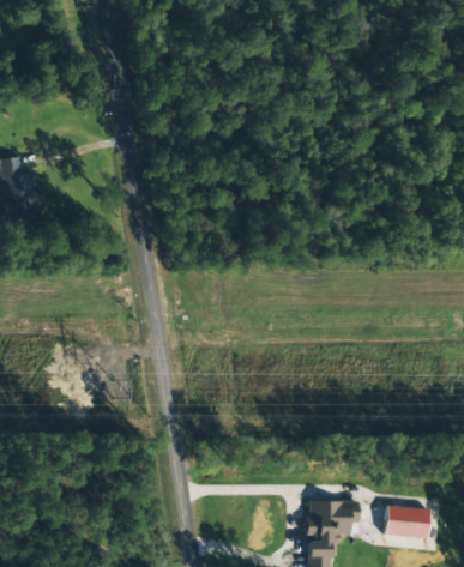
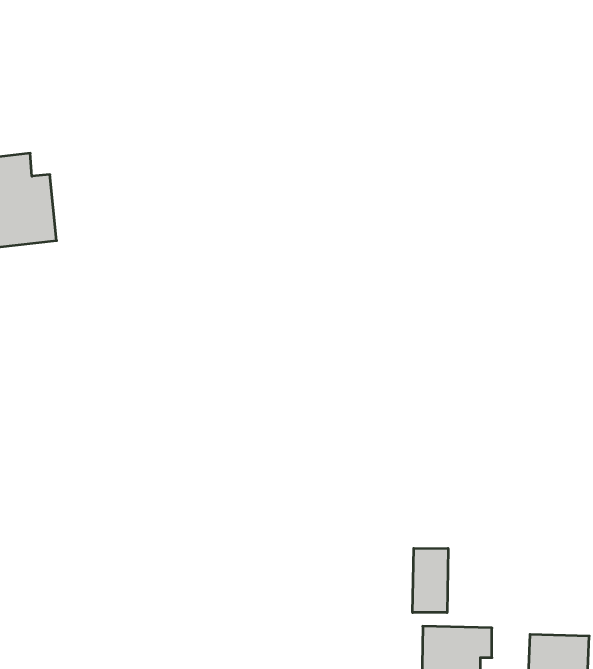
building: none -> [413,548,448,613]

